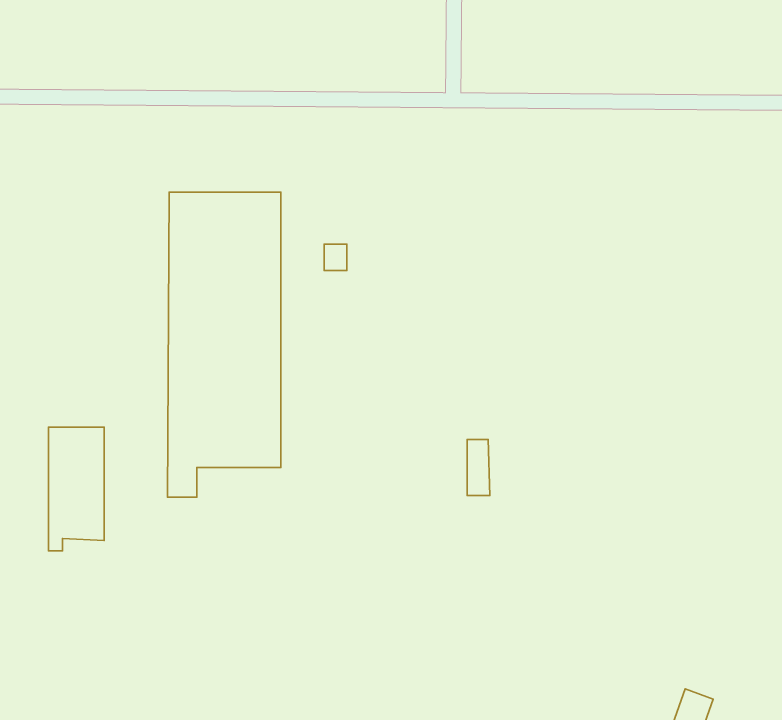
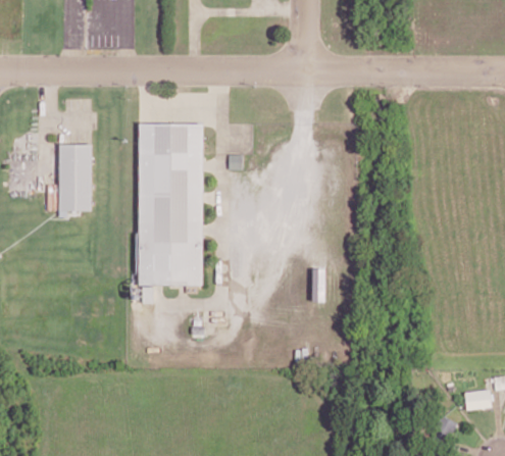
building: [48,427,104,551] -> [59,145,92,217]
building: none -> [464,390,492,410]

